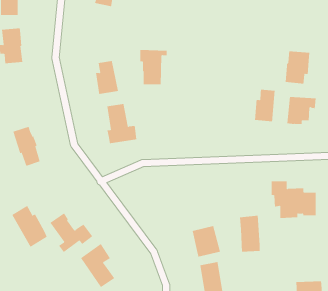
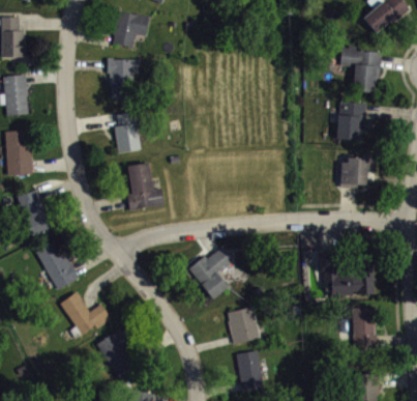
building: none -> [339,46,383,93]
building: [139,50,168,85] -> [108,58,141,99]
building: none -> [6,130,33,175]
building: [255,89,275,122] -> none
building: none -> [189,247,234,299]
building: [12,205,48,247] -> [37,240,80,290]
building: [239,215,260,252] -> [353,306,378,349]

